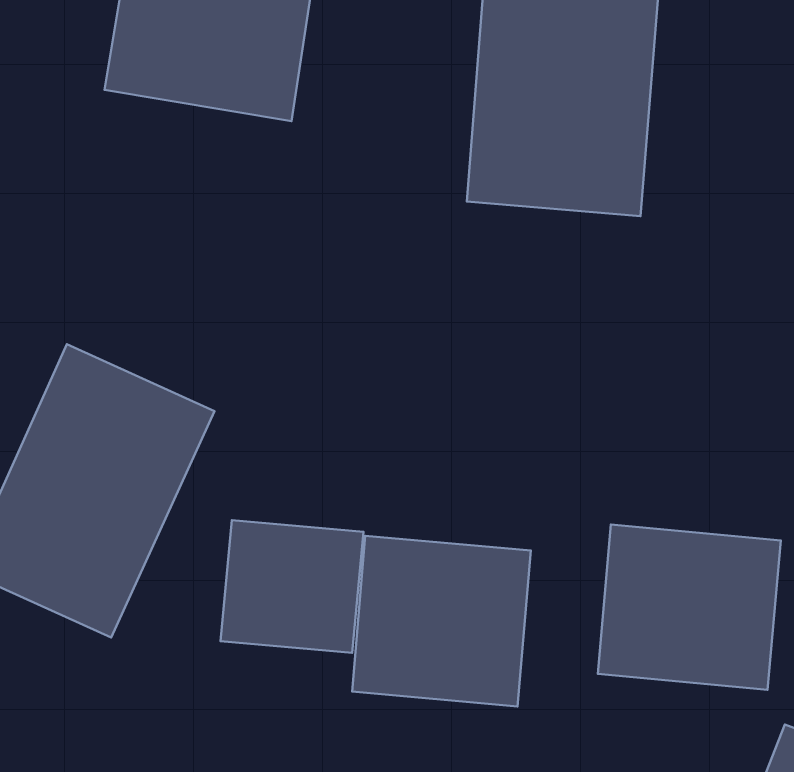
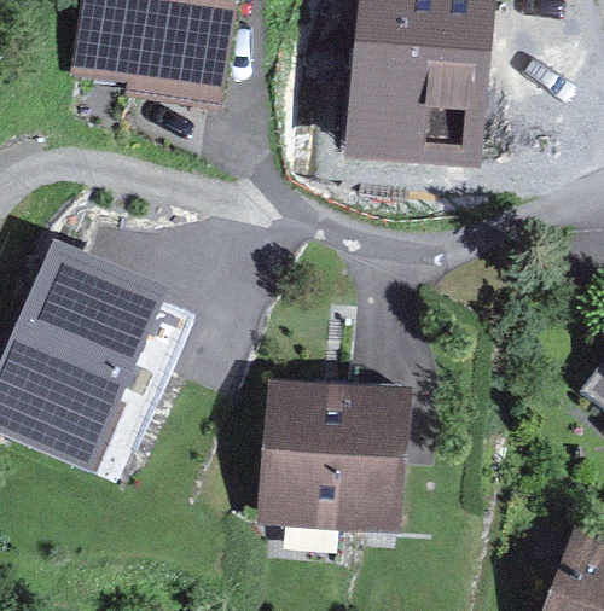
building: [221,520,363,653] -> none
building: [598,525,781,690] -> none

